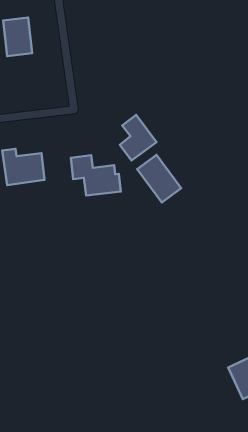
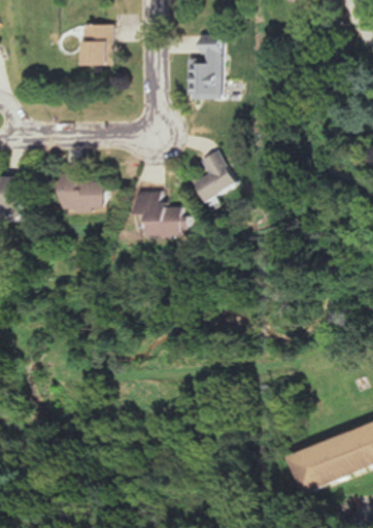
building: none -> [183,34,219,99]
building: [137,155,181,203] -> none

